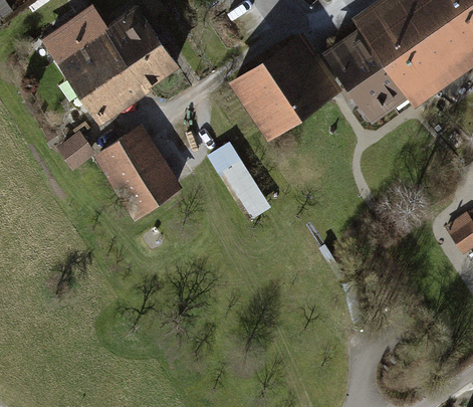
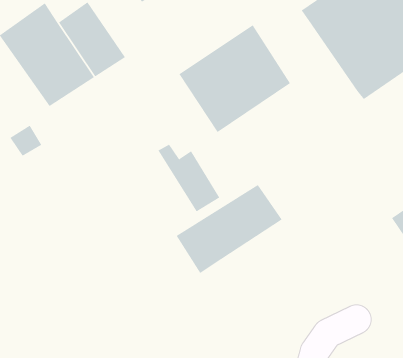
building: [322,28,408,124] -> none
building: [95,125,180,215] -> none
building: none -> [176,184,283,274]

